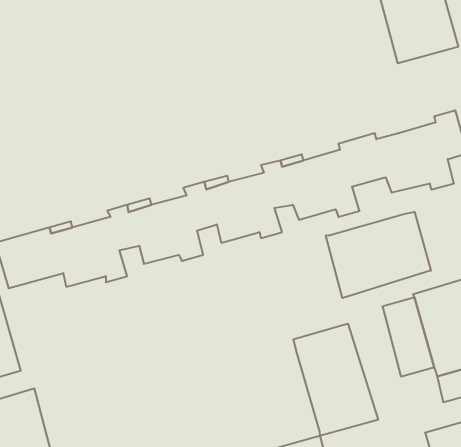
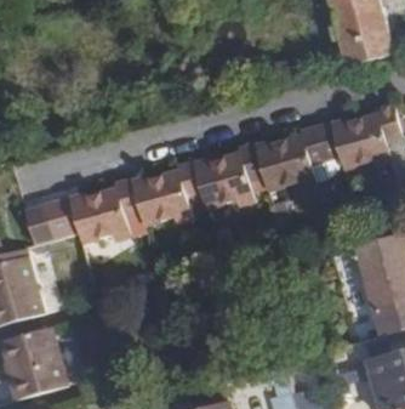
building: [326,212,431,298] -> none
building: [293,324,378,436] -> none

